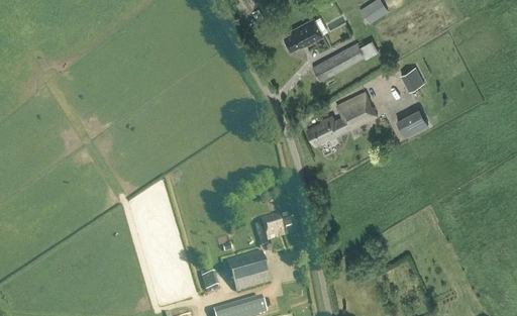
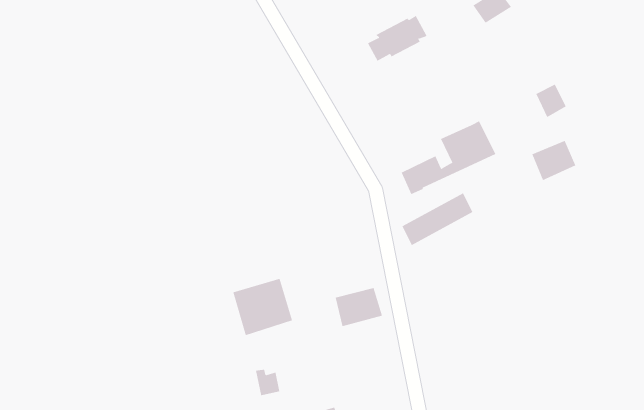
building: [311,41,363,80] -> [402,192,473,246]
building: [225,251,269,293] -> [232,278,293,336]

